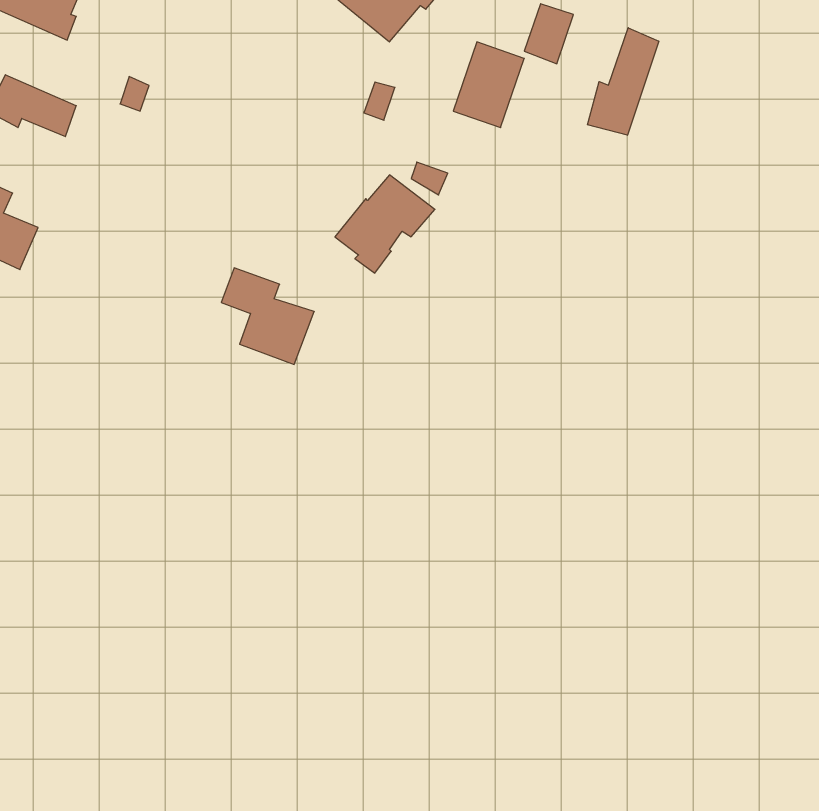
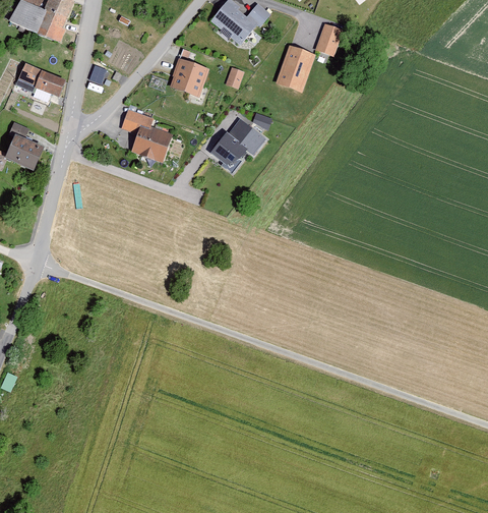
building: [588,28,659,135] -> none
building: none -> [169,57,209,97]
building: [221,268,314,364] -> [121,108,173,162]

